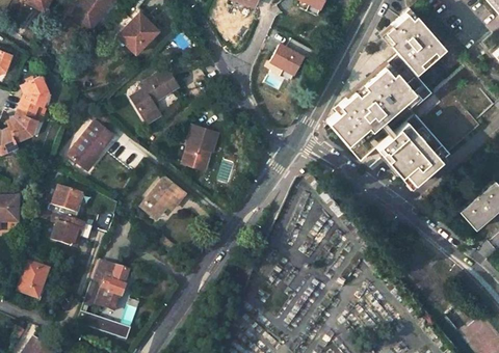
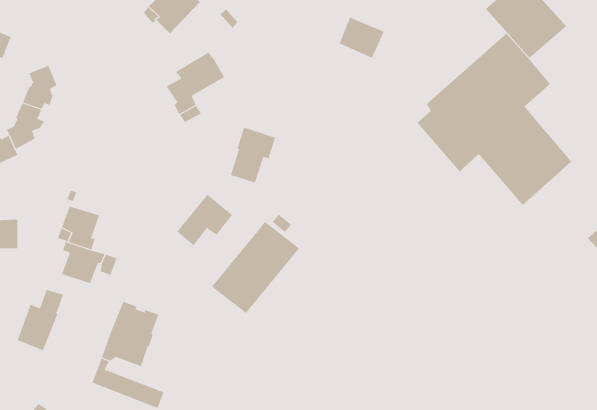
building: [70,111,113,170] -> none
building: none -> [211,221,300,314]

